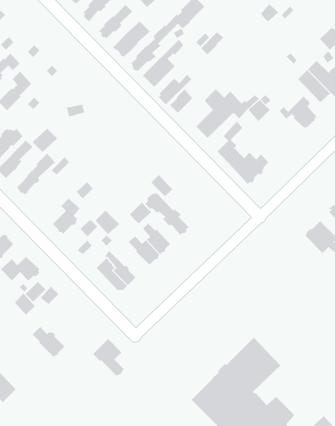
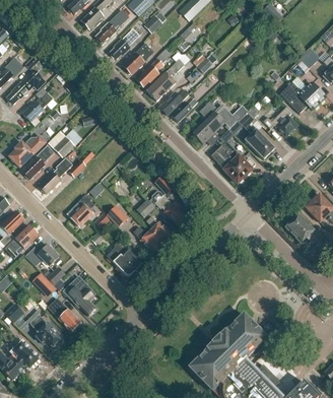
building: none -> [246,125,276,158]
building: none -> [31,313,62,348]
building: [93,338,125,376] -> [69,281,96,314]

